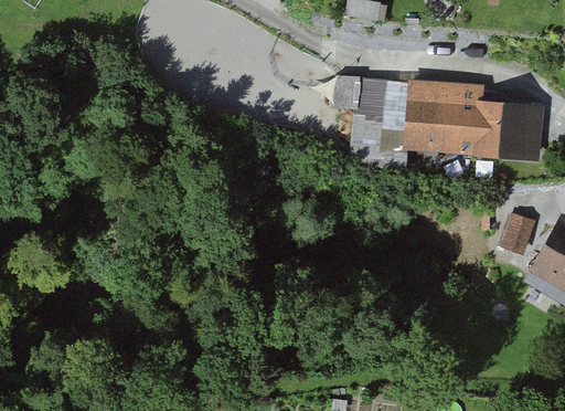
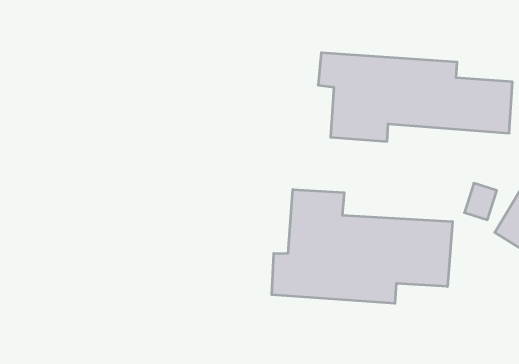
building: none -> [272,189,452,303]

